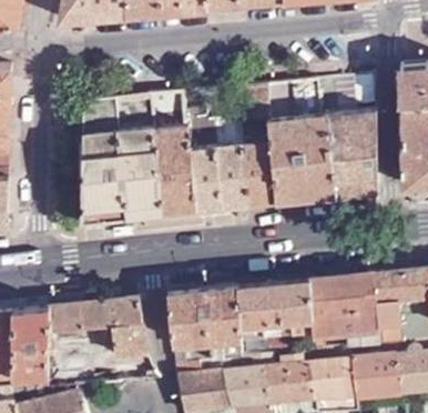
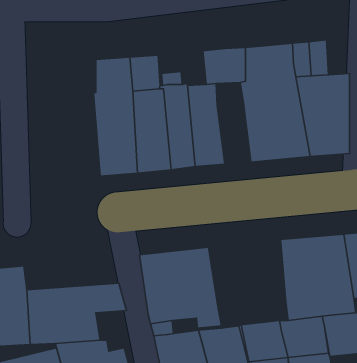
building: [79,98,123,221] -> none
building: [242,142,276,204] -> none
building: [233,281,312,351] -> none
building: [45,299,142,332] -> none

